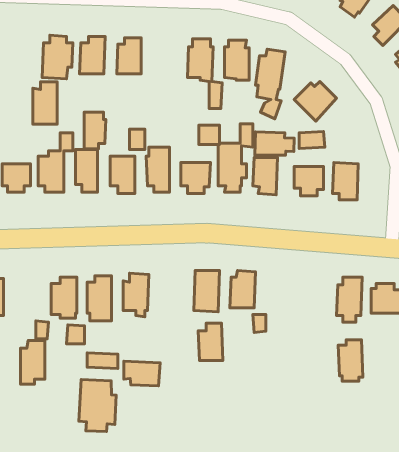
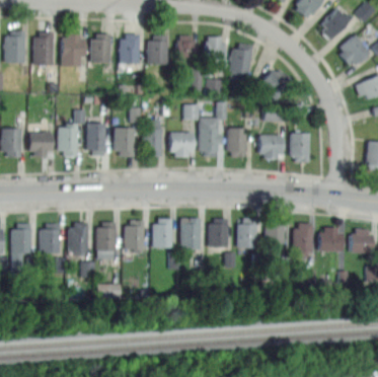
building: none -> [147,35,167,65]
building: [33,82,57,124] -> [33,31,53,65]
building: [84,112,106,149] -> none
building: [255,132,294,155] -> none
building: none -> [237,219,255,247]
building: [198,323,223,360] -> [153,219,172,248]
building: [338,340,363,381] -> [264,222,284,254]
building: [20,341,45,384] -> [41,223,60,257]
building: [124,361,160,386] -> none
building: [79,380,116,431] -> none

